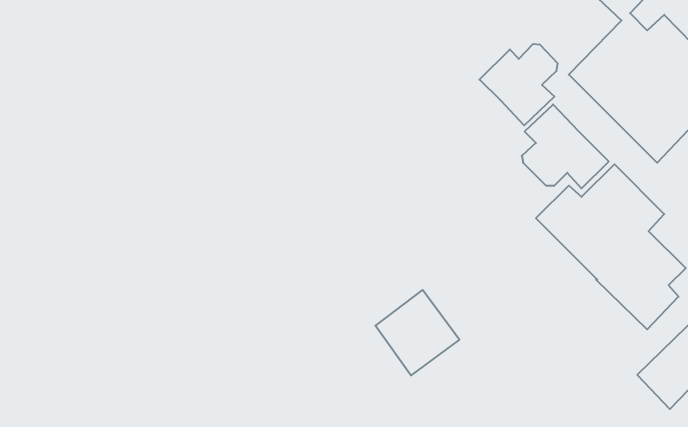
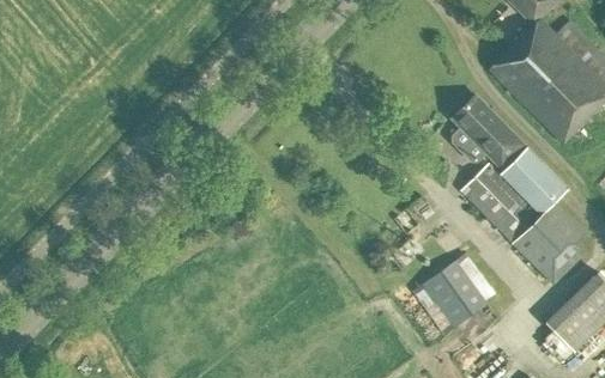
building: [479,44,558,125] -> none
building: [375,290,459,375] -> [424,254,495,325]

